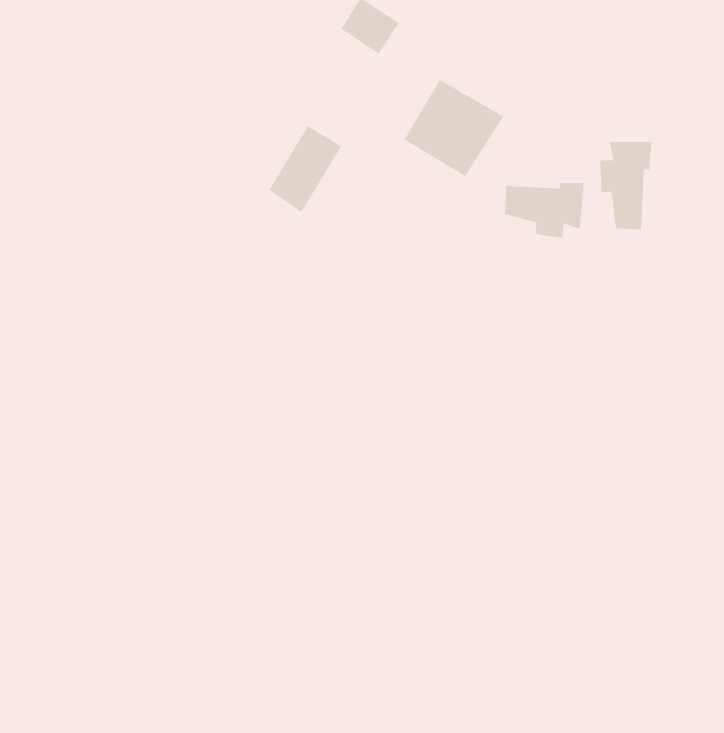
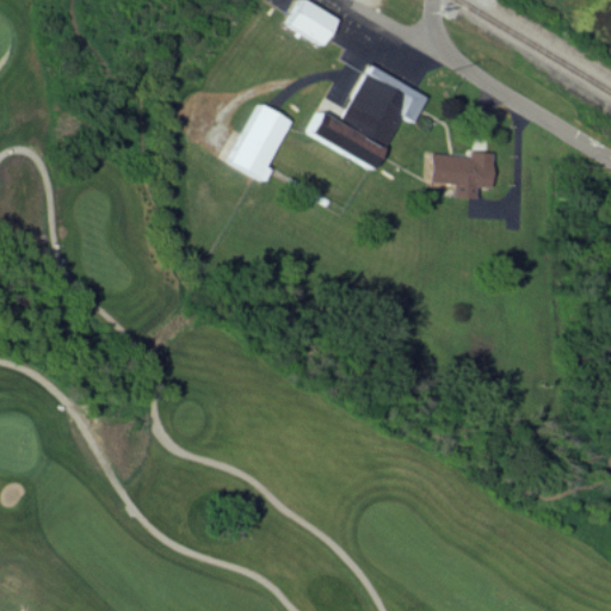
building: none -> [311,112,382,169]
building: [600,141,652,230] -> none

